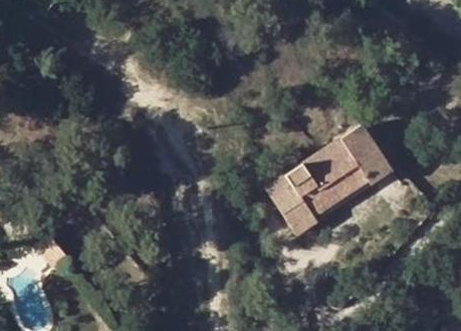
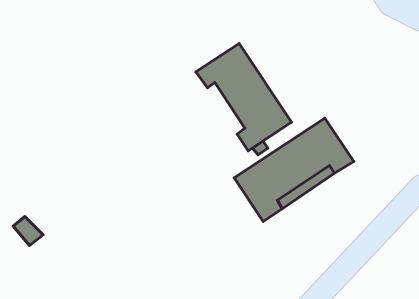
building: none -> [196,43,292,151]

